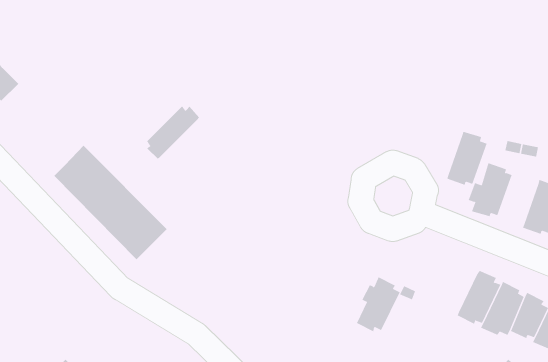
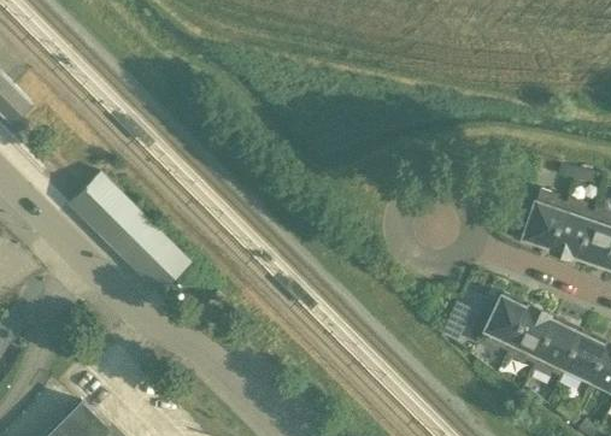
building: [146,105,200,159] -> none
building: [446,131,487,185] -> [550,198,594,257]
building: [356,277,400,332] -> [480,291,528,352]

